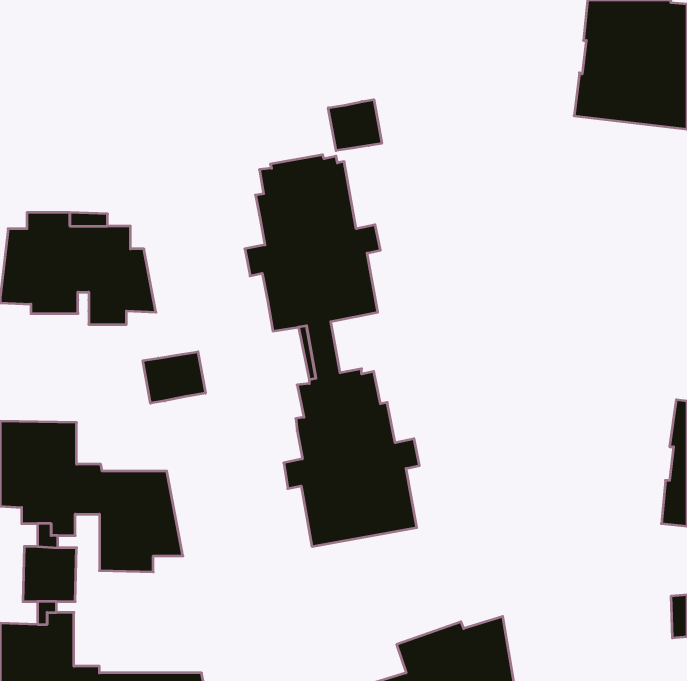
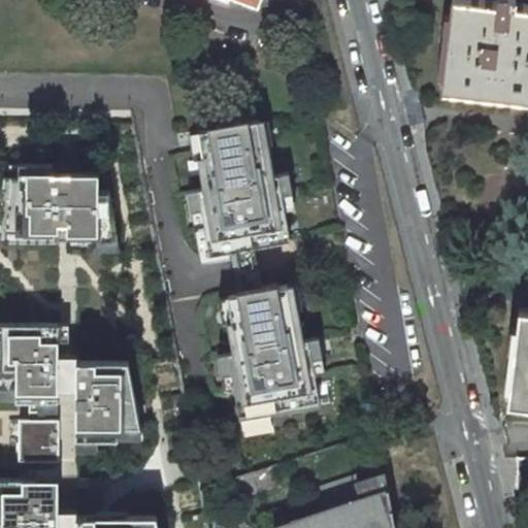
building: [328,100,382,151] -> none
building: [143,352,205,403] -> none

